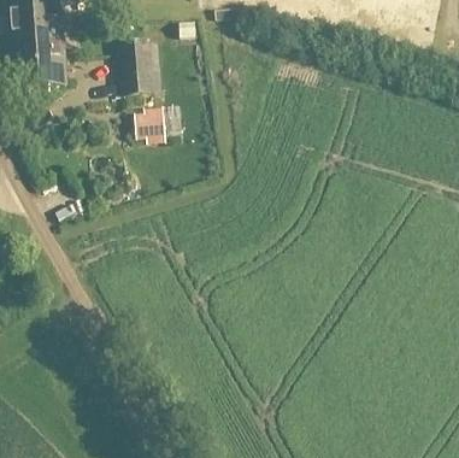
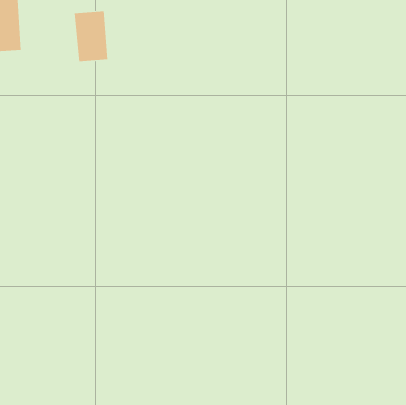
building: [131,102,169,142] -> none

